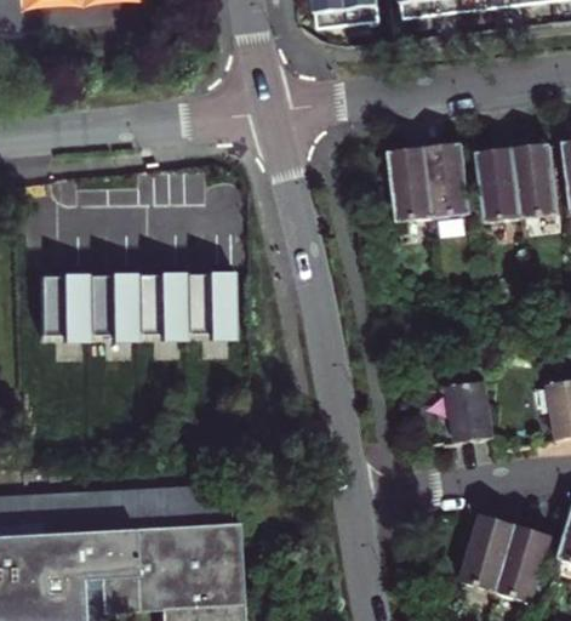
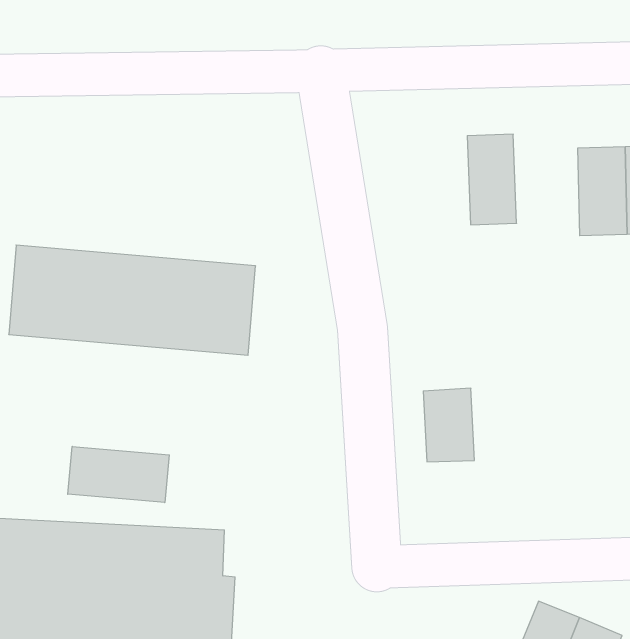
building: [423,143,470,218] -> none
building: [447,382,493,444] -> [423,388,474,462]
building: none -> [68,446,169,503]

